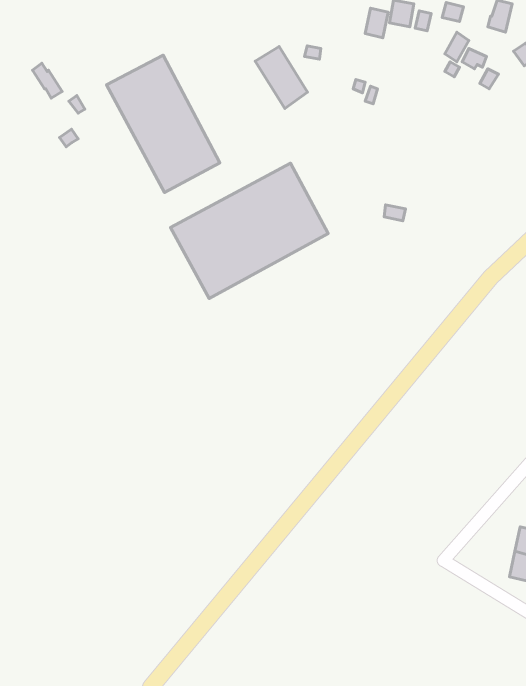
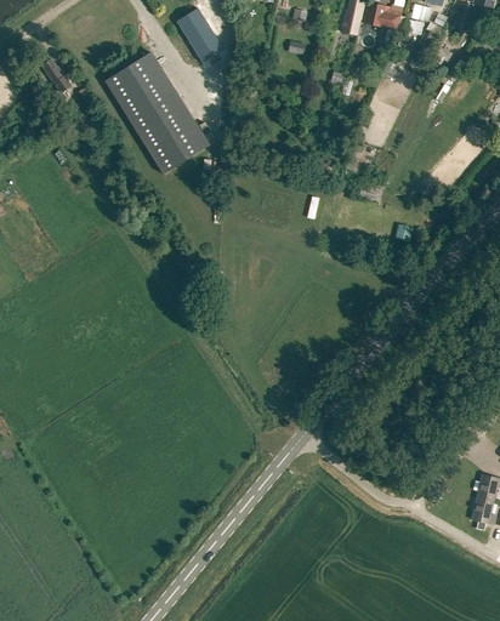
building: [255,46,308,108] -> [176,7,223,63]
building: [170,163,328,299] -> none

